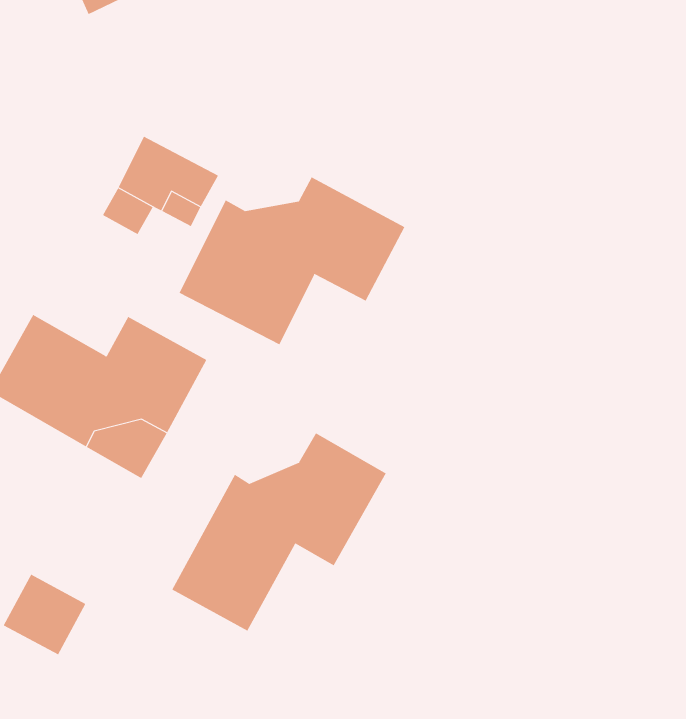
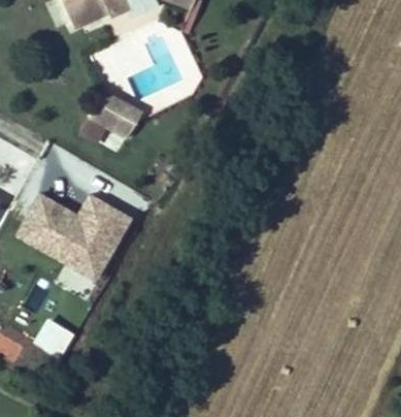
building: [179,177,405,345] -> none
building: [171,432,386,631] -> none

